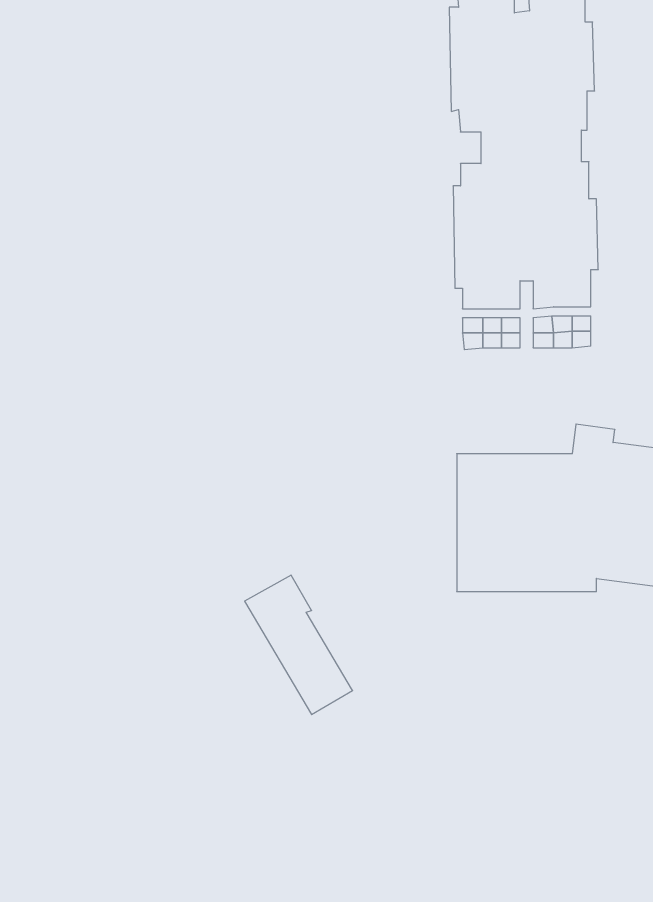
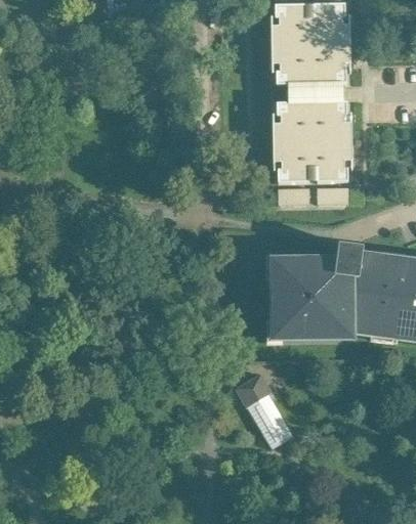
building: [245,575,353,715] -> [235,372,294,448]

